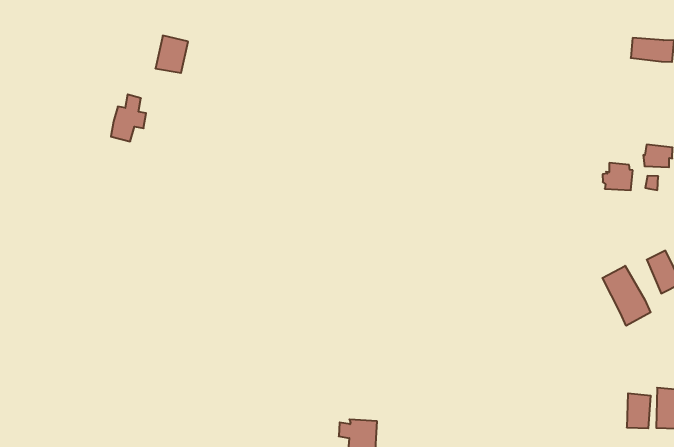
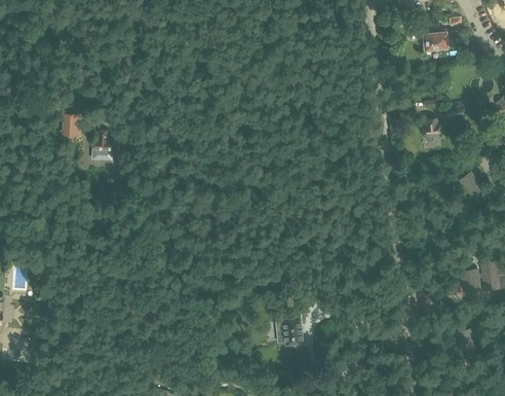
building: [155,36,188,73] -> [61,112,79,135]
building: [602,266,651,326] -> none

